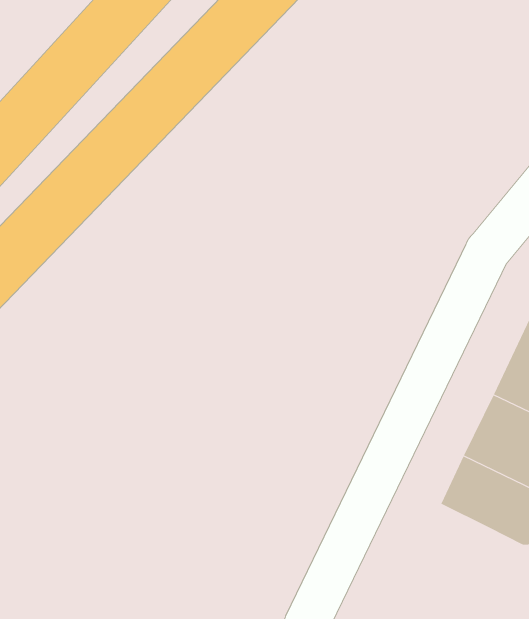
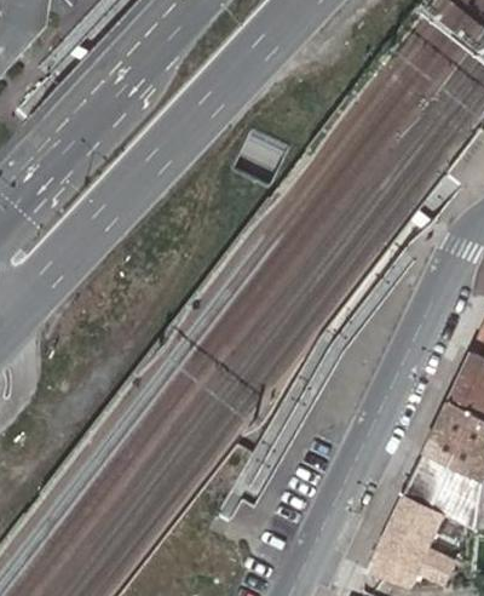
building: none -> [368,491,454,581]

